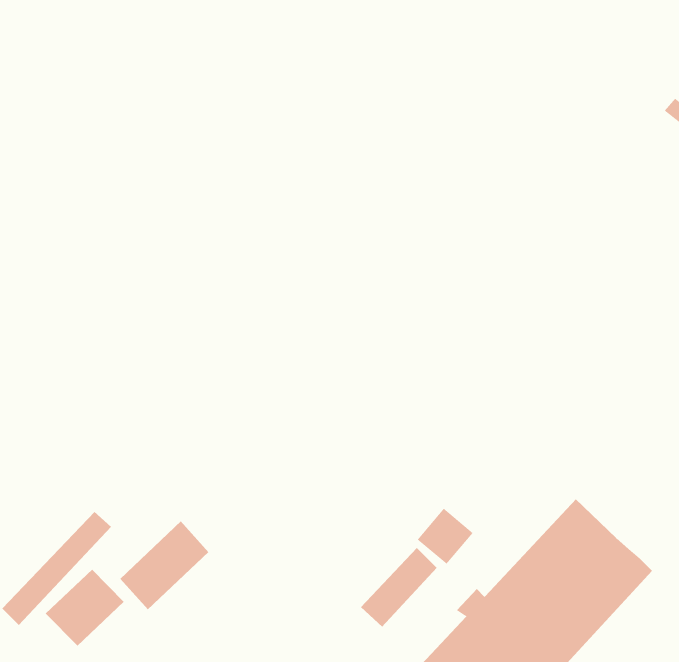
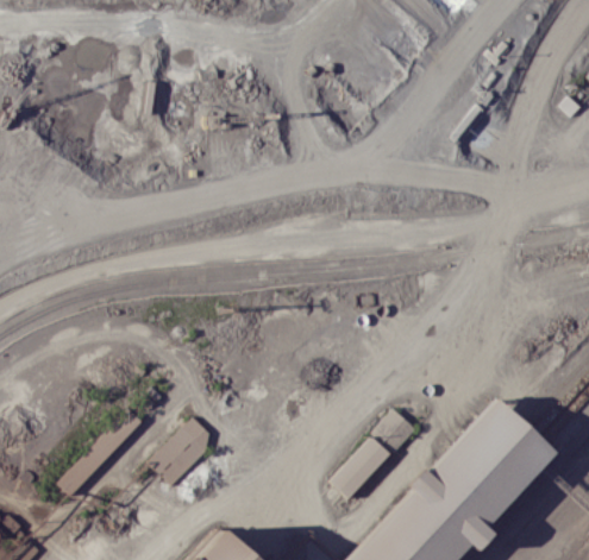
building: [45,569,125,647] -> none

